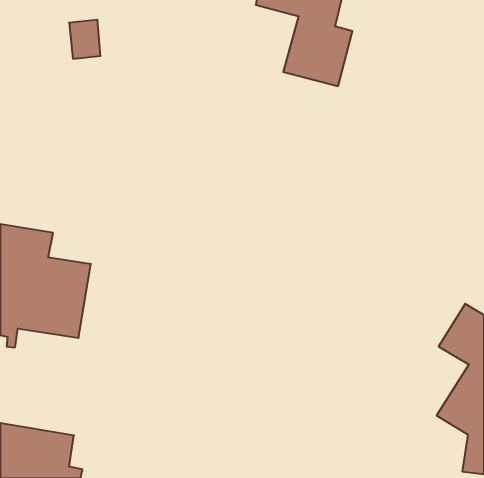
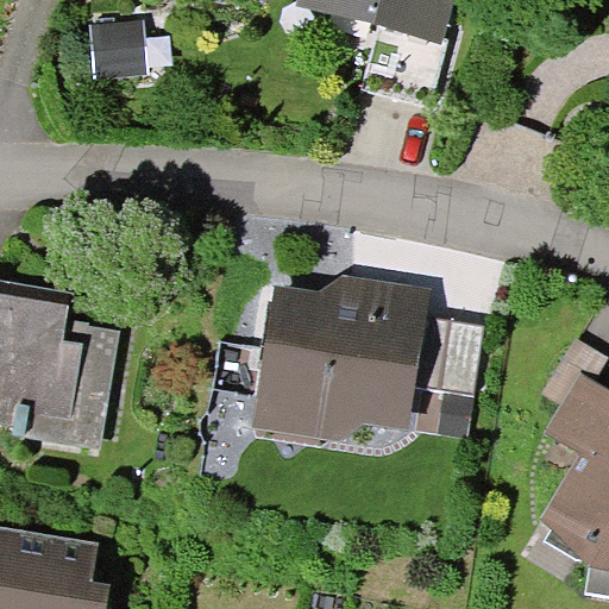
building: none -> [264,287,479,428]

